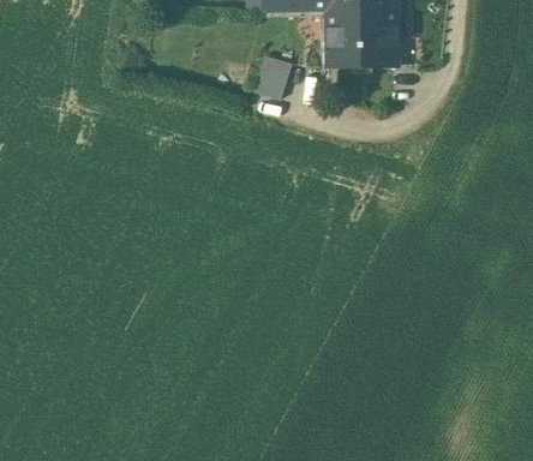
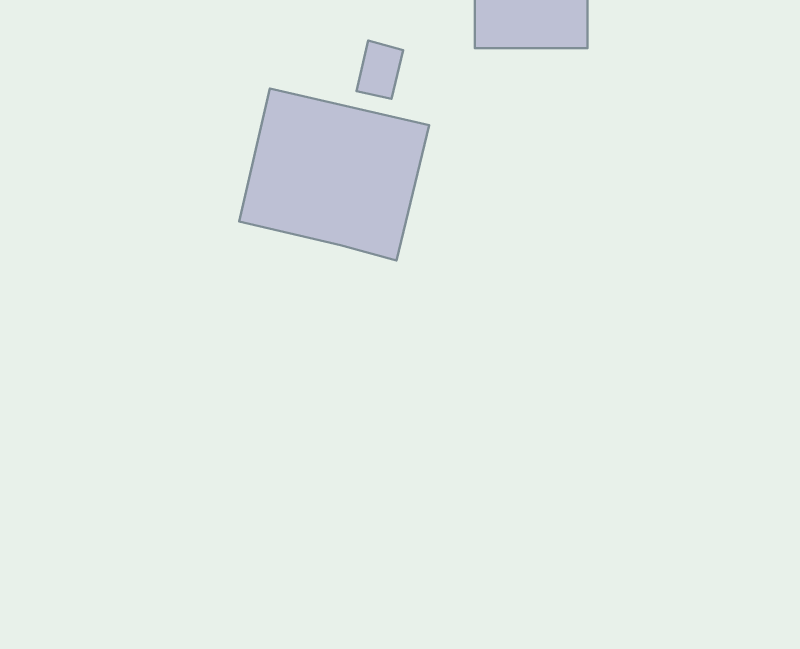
building: none -> [239,88,429,260]

